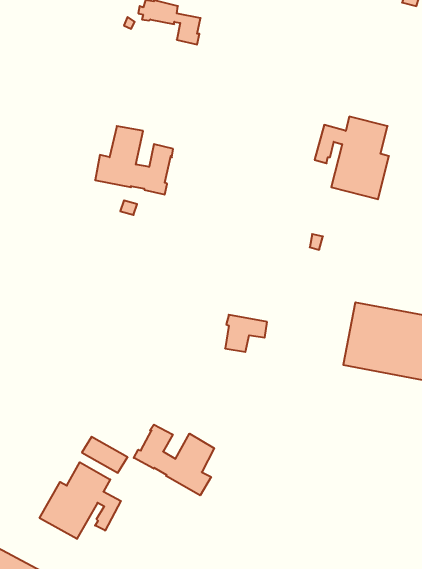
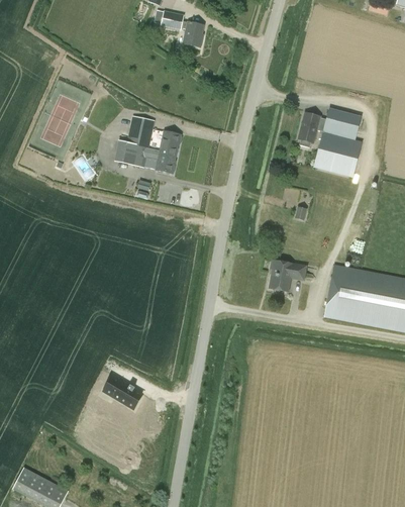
building: [225,315,267,352] -> [270,261,305,292]
building: [134,425,214,495] -> none
building: [40,462,121,539] -> none

